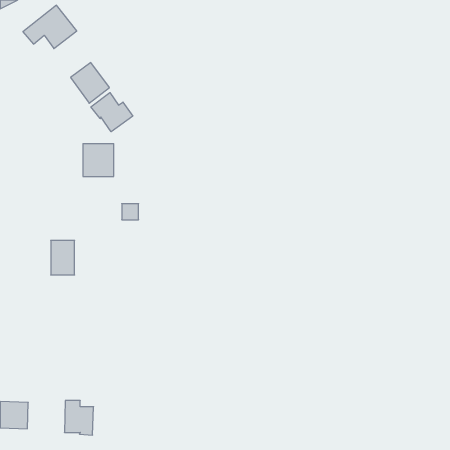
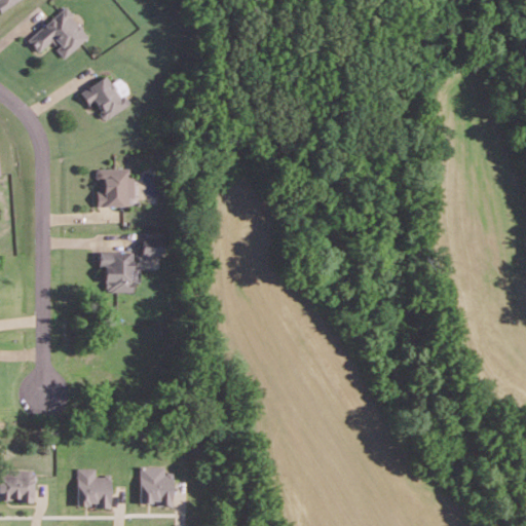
building: [91,93,133,132] -> none
building: [51,240,75,275] -> [104,253,132,293]
building: none -> [139,465,172,505]

